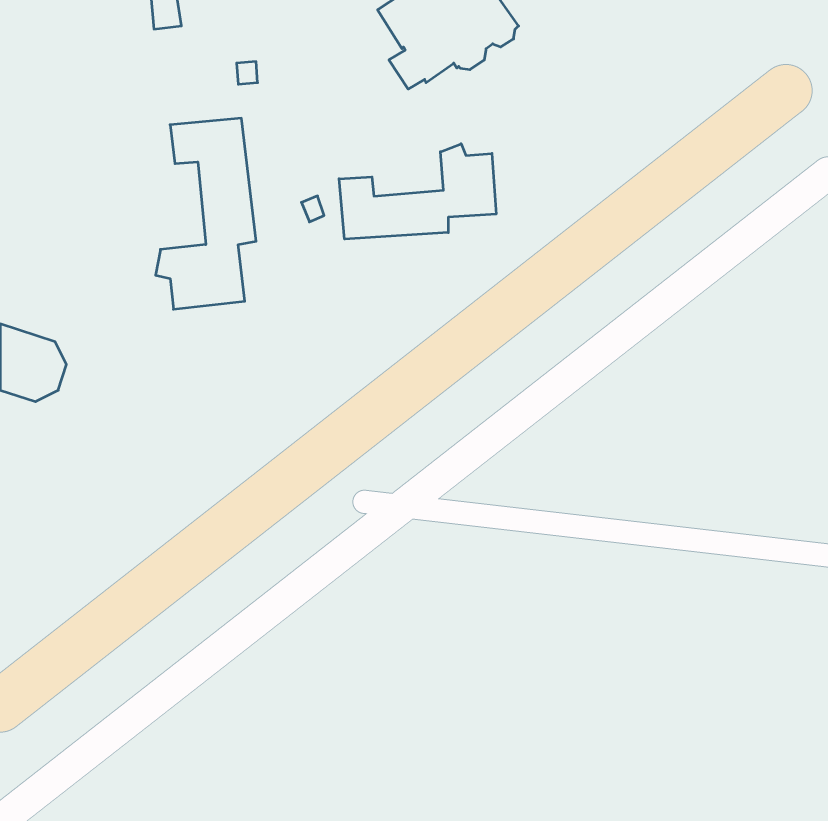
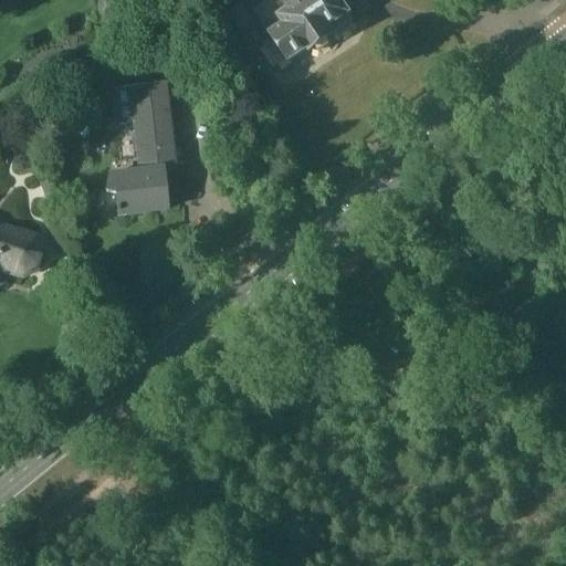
building: [339,144,496,239] -> none

